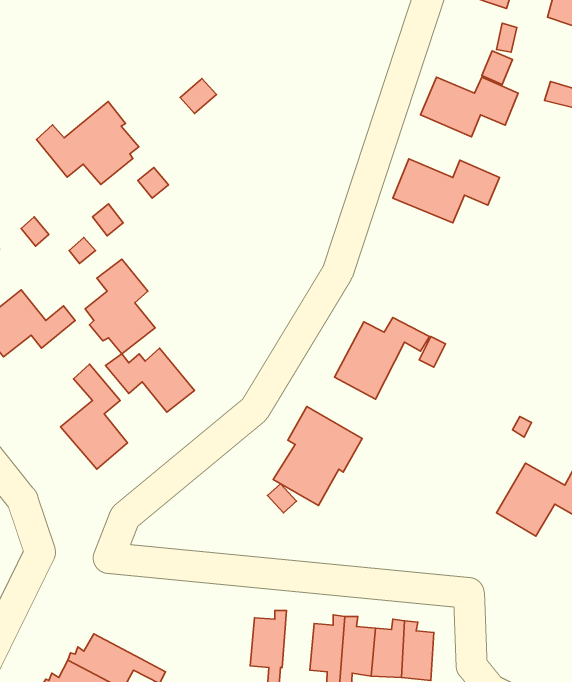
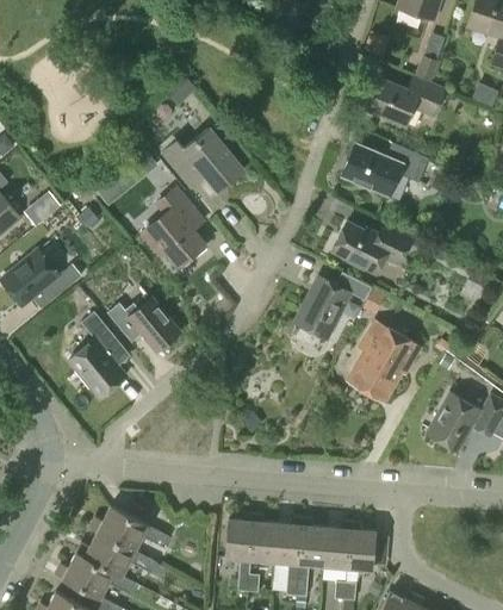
building: [37,102,139,185] -> [162,123,246,191]
building: none -> [331,223,412,275]
building: [85,259,155,354] -> [147,189,204,267]
building: [273,407,362,506] -> [347,322,420,403]
building: none -> [88,506,169,553]
building: none -> [250,513,277,562]

